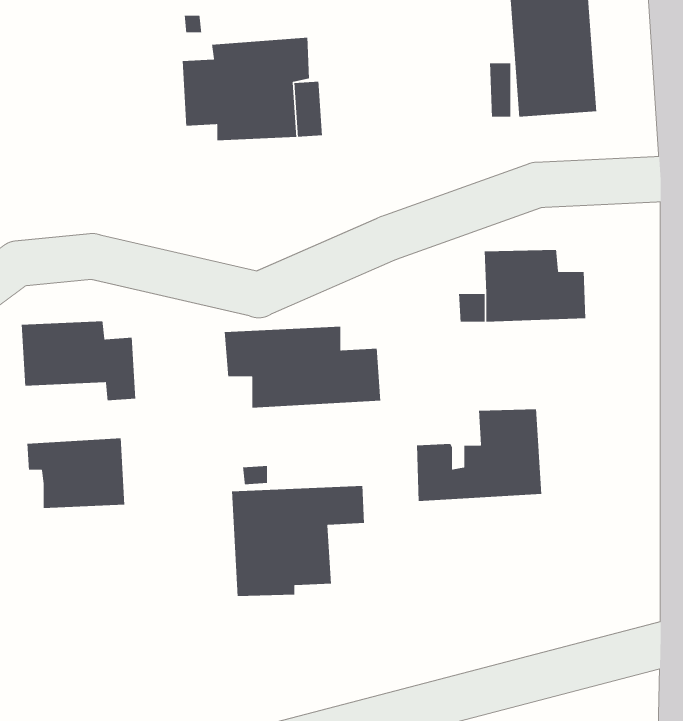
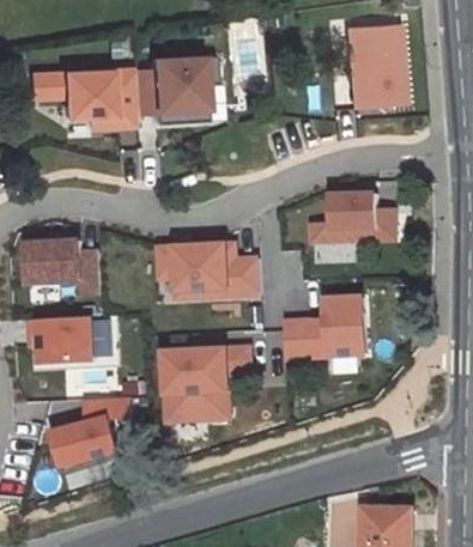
building: none -> [29,68,134,127]
building: none -> [51,397,131,467]

